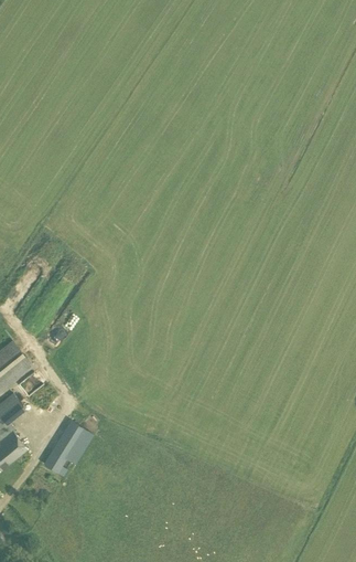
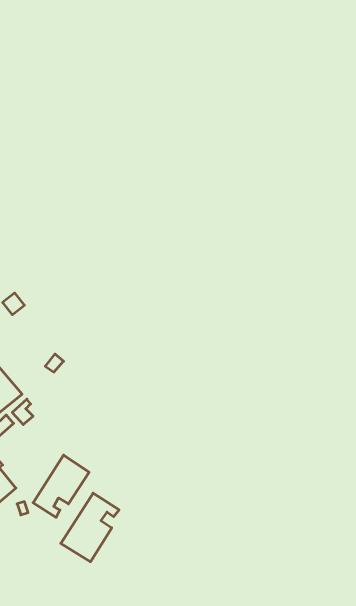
building: none -> [61,493,119,562]

